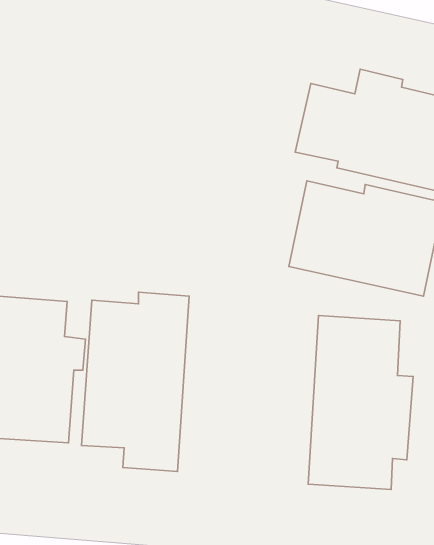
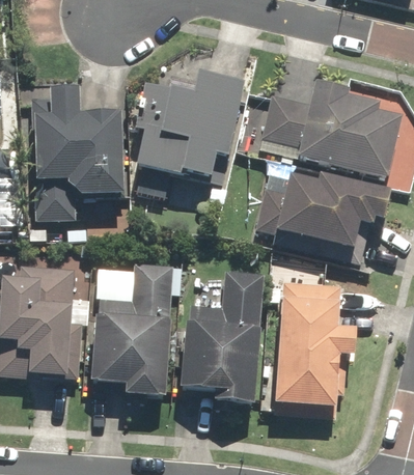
building: none -> [133,71,243,178]
building: none -> [32,86,126,219]
building: none -> [177,267,266,410]

